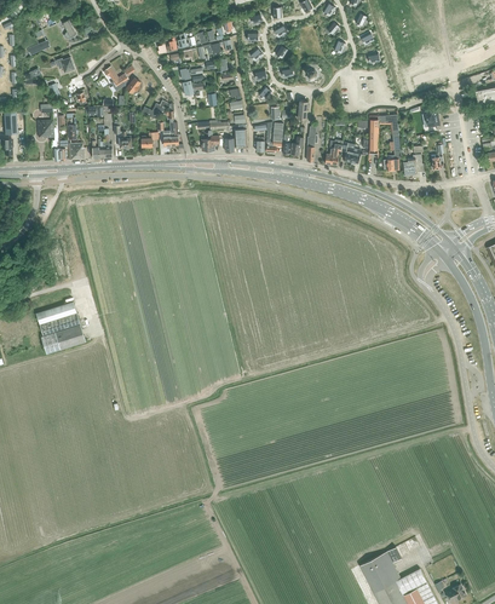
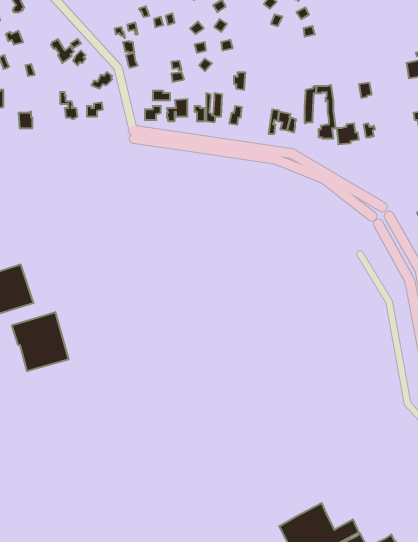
building: none -> [12,312,68,371]

